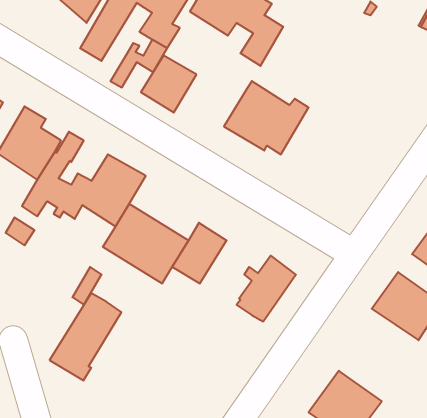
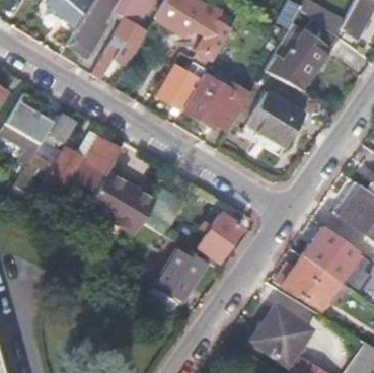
building: none -> [267,18,339,89]
building: [141,56,196,113] -> [158,64,203,109]
building: none -> [242,92,307,157]
building: [50,293,121,380] -> [149,245,207,315]
building: none -> [277,255,341,308]

